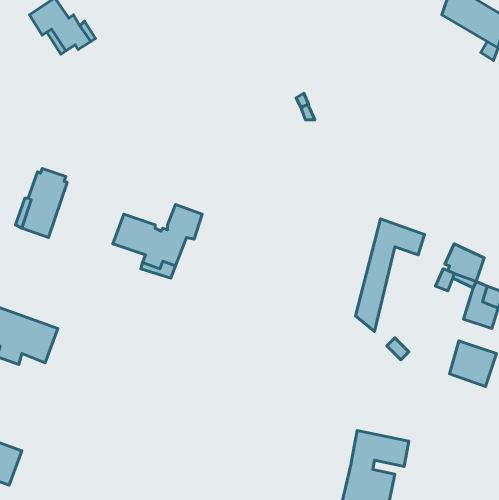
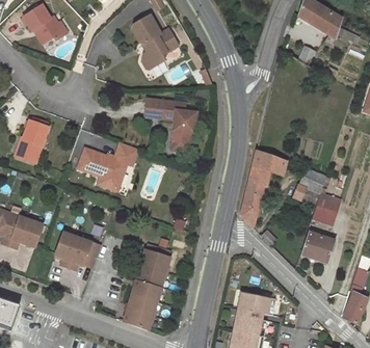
building: none -> [132,15,178,70]
building: none -> [159,101,196,152]
building: none -> [55,232,101,269]
building: none -> [124,244,170,330]

